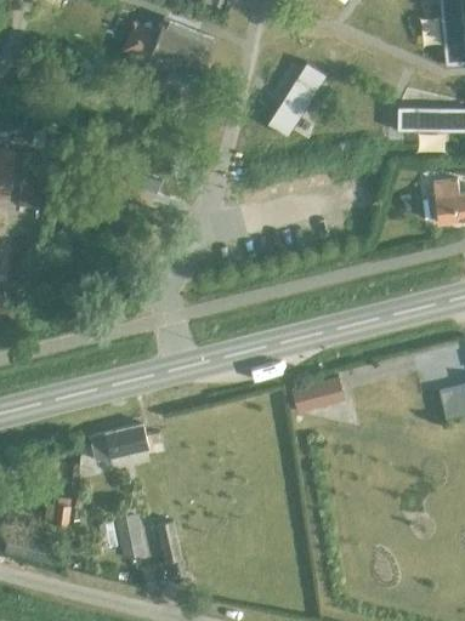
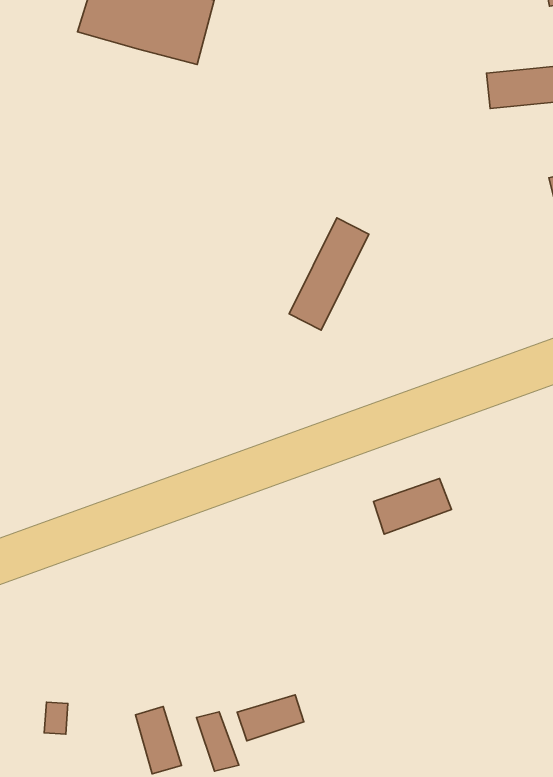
building: [266,63,325,138] -> [289,218,369,330]
building: [89,427,147,461] -> none
building: none -> [237,695,304,741]

